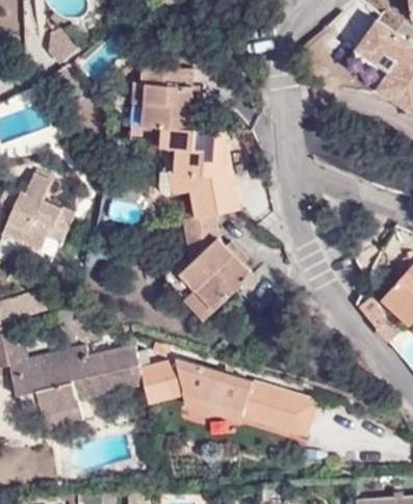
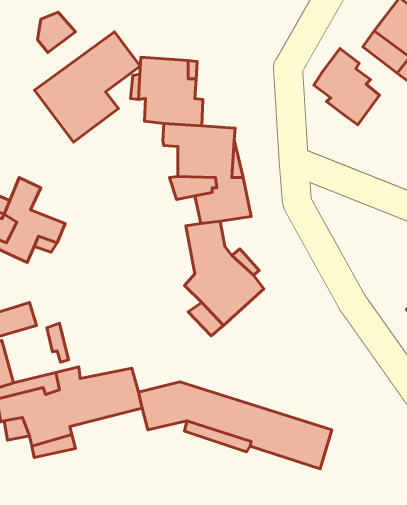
building: none -> [34,32,140,142]
building: none -> [314,49,379,125]

